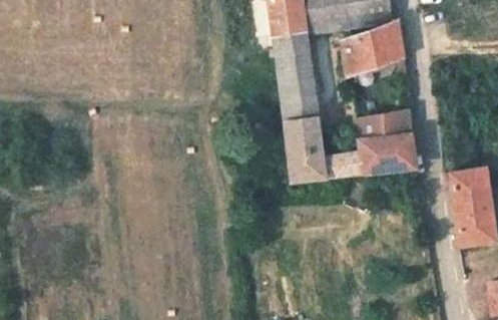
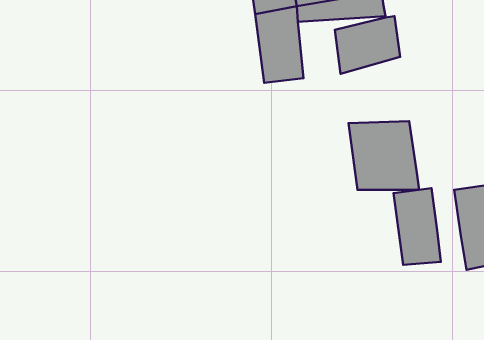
building: [280,75,363,175] -> none
building: none -> [394,188,441,265]

